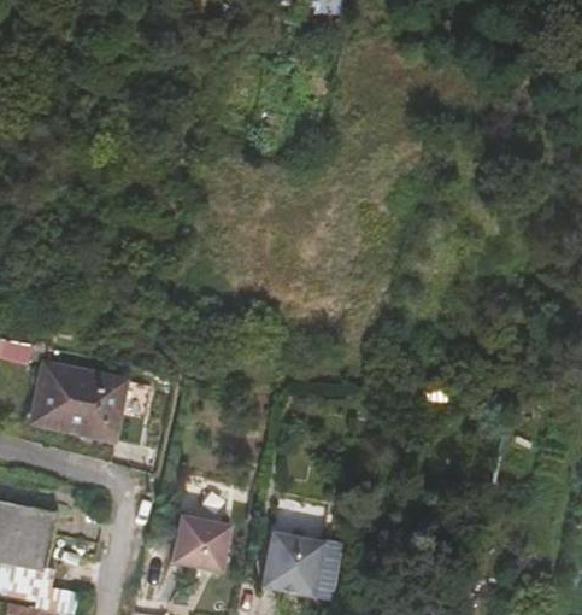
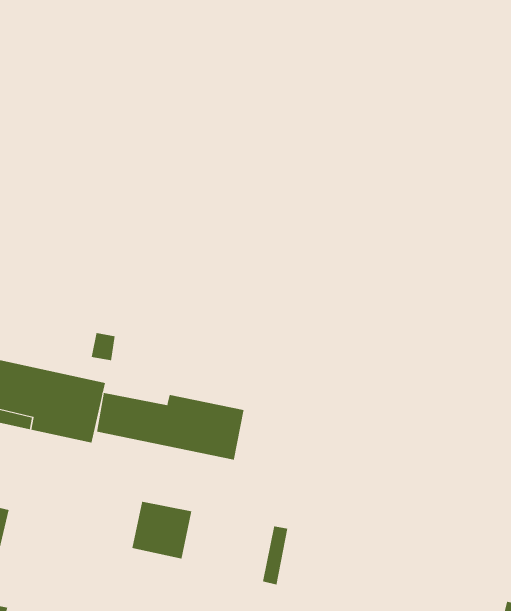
building: none -> [96,392,244,461]
building: [265,523,312,585] -> none

